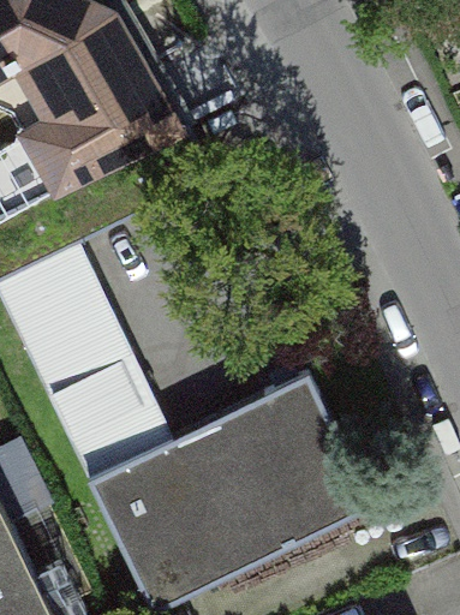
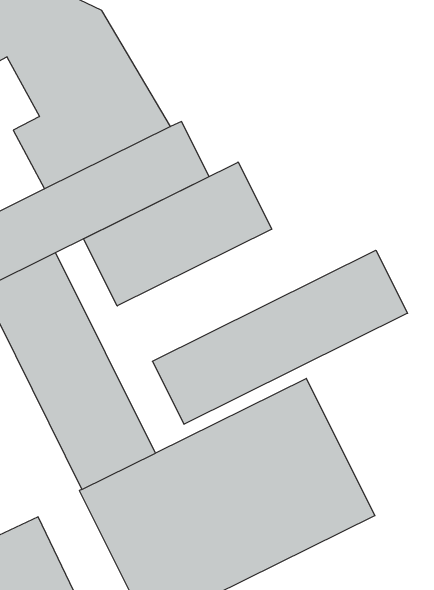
building: none -> [83,162,272,306]
building: none -> [152,250,408,424]

